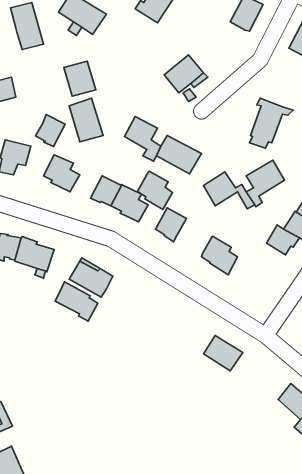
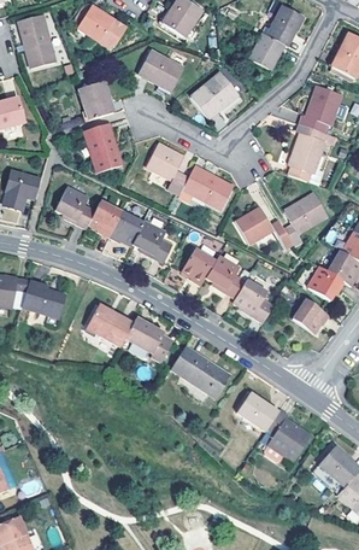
building: none -> [251,34,283,69]
building: none -> [139,51,183,90]
building: none -> [300,86,342,133]
building: [35,115,65,147] -> [88,200,122,236]
building: [137,171,173,209] -> [206,256,246,299]
building: none -> [293,299,326,332]
building: [55,282,98,321] -> [126,317,175,362]
building: none -> [172,346,231,399]
building: none -> [267,410,312,462]

